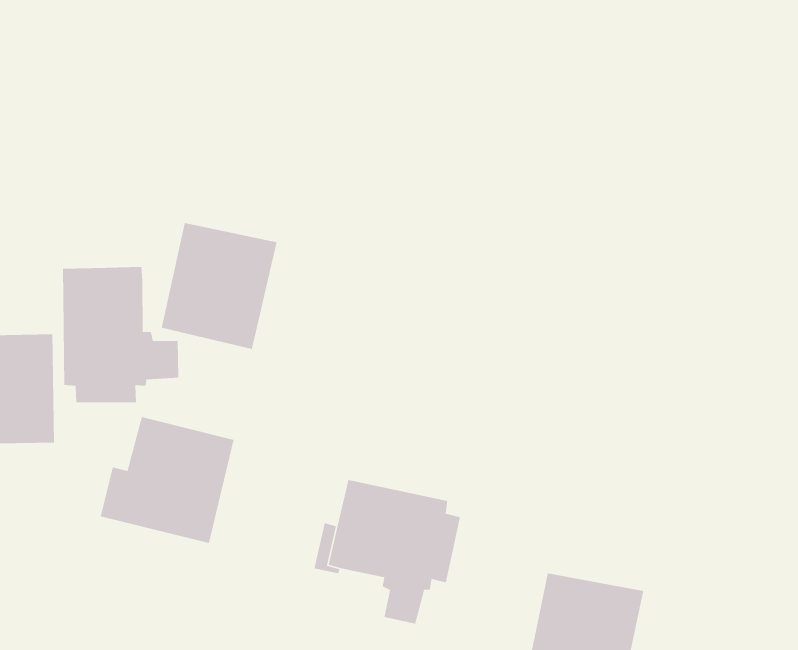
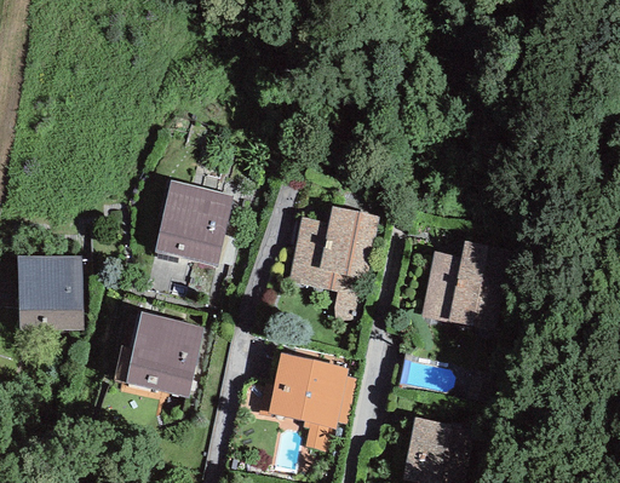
building: none -> [287,206,379,322]
building: [62,266,179,403] -> none
building: none -> [421,241,501,328]

